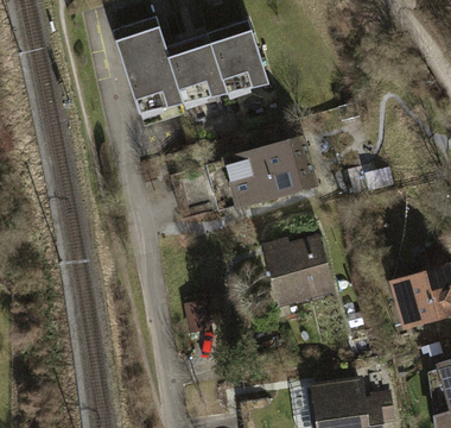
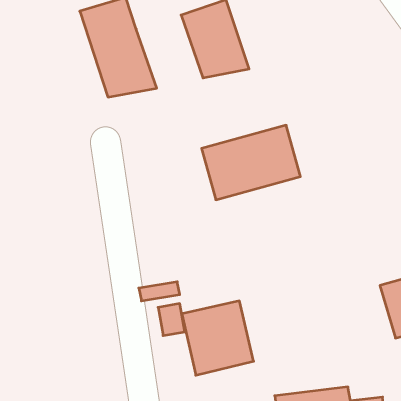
building: [164,32,226,100] -> none
building: [267,238,334,307] -> [182,301,254,375]

